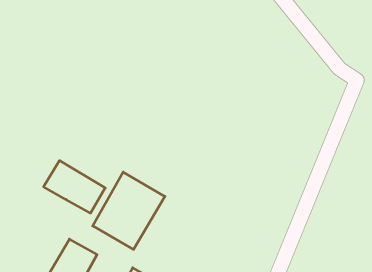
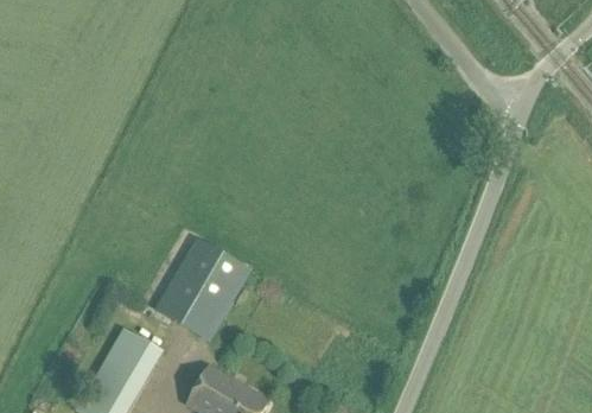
building: [44,161,105,213] -> none

